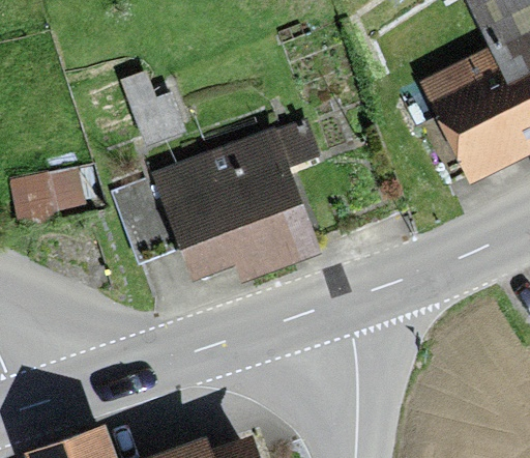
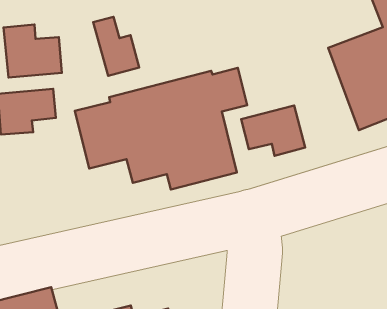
building: none -> [4,24,62,77]
building: none -> [241,106,305,156]

